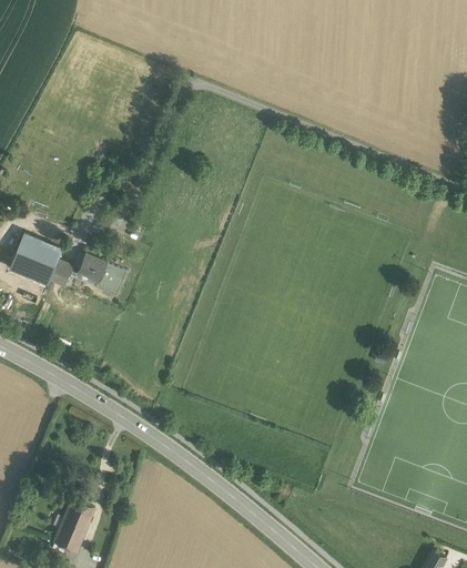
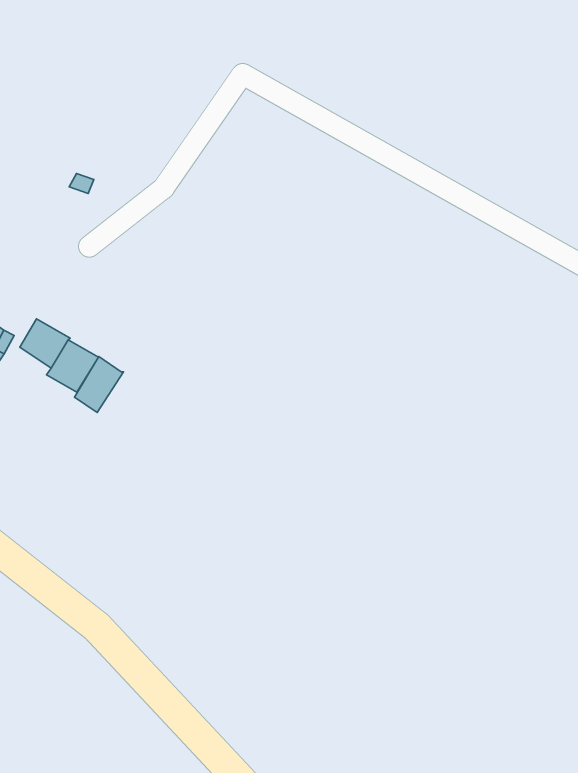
building: none -> [74,357,124,413]

